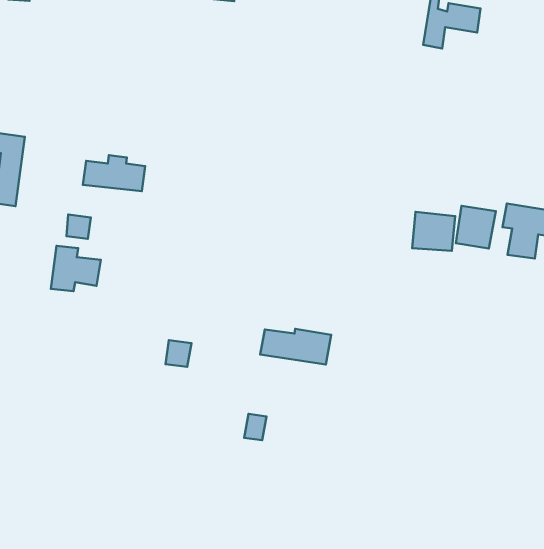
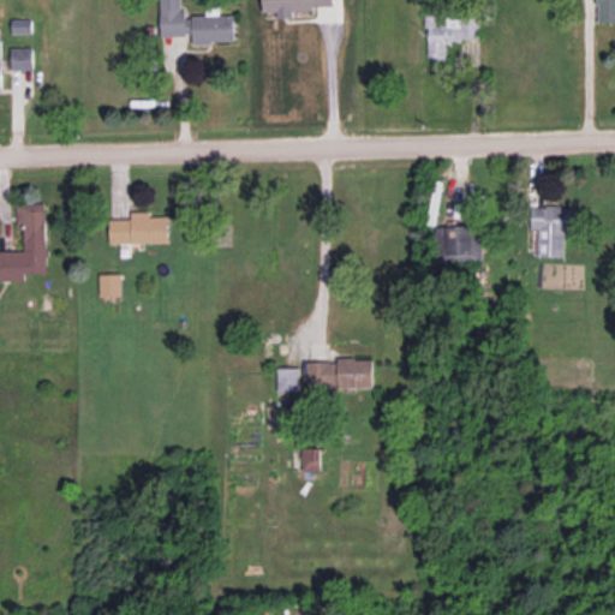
building: [456,206,496,249] -> none
building: [51,246,101,291] -> none
building: [166,340,191,367] -> [276,368,299,392]

